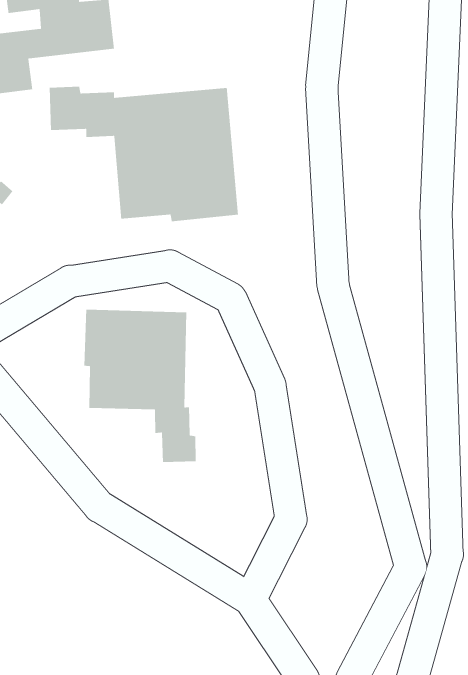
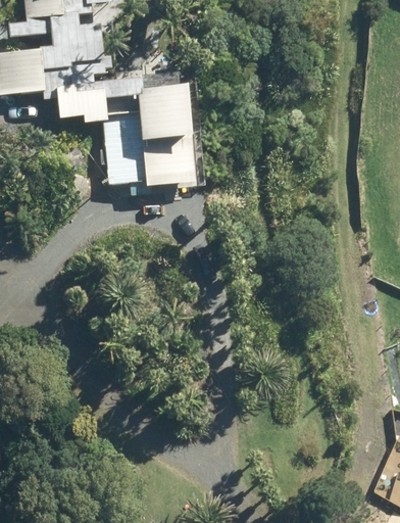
building: [84,309,197,463] -> none

